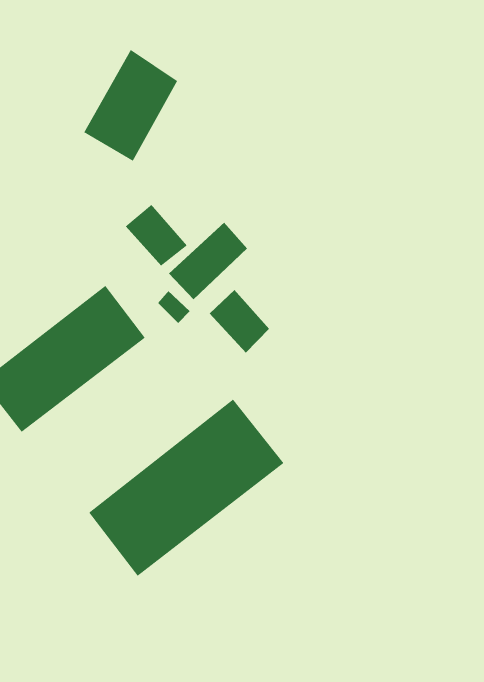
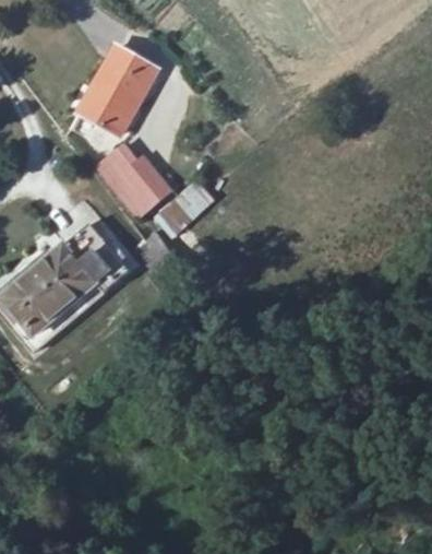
building: [209,289,270,353] -> none
building: [88,398,284,577] -> none

